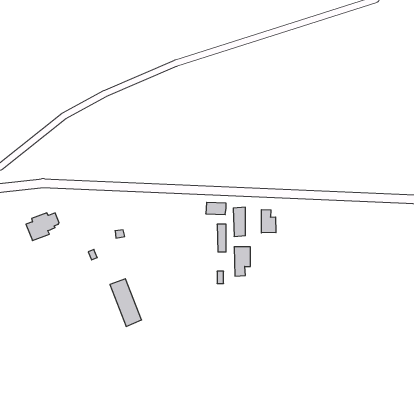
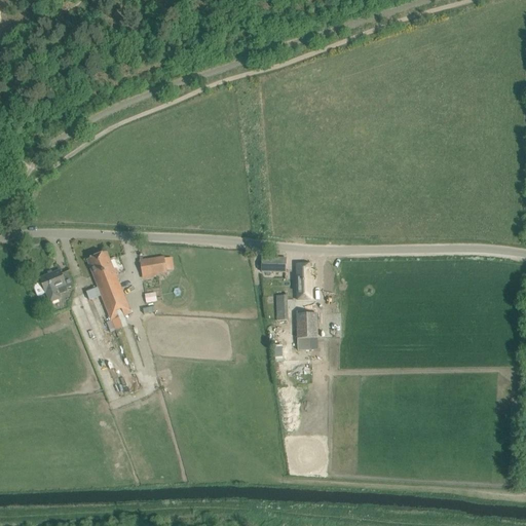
building: none -> [140,257,166,275]
building: [261,210,276,233] -> none
building: [110,279,142,326] -> [87,252,127,312]

